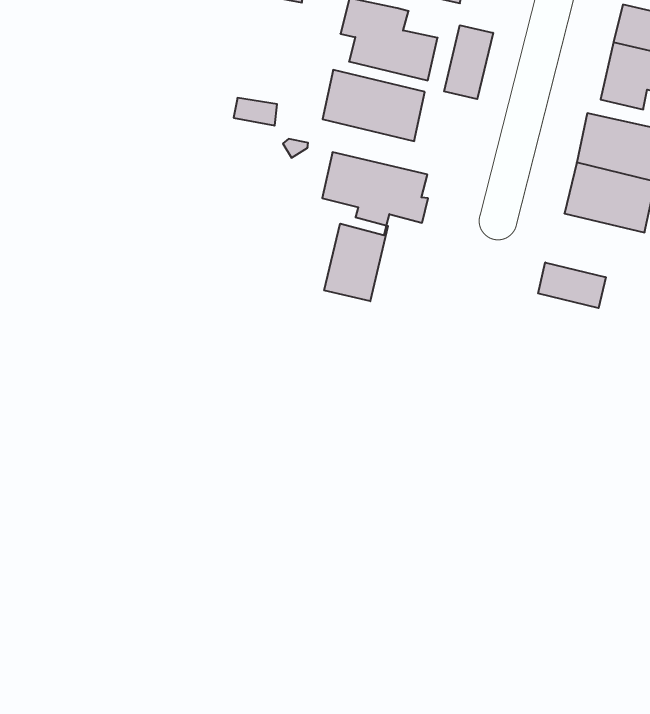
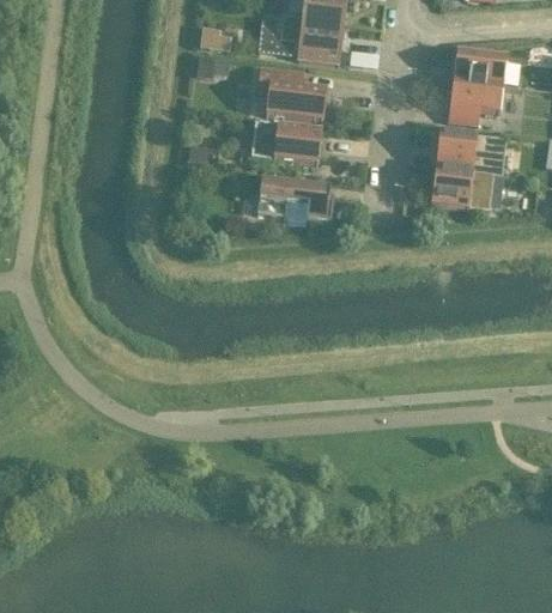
building: [444,25,493,99] -> none
building: [324,224,388,301] -> none
building: [538,262,606,308] -> none

